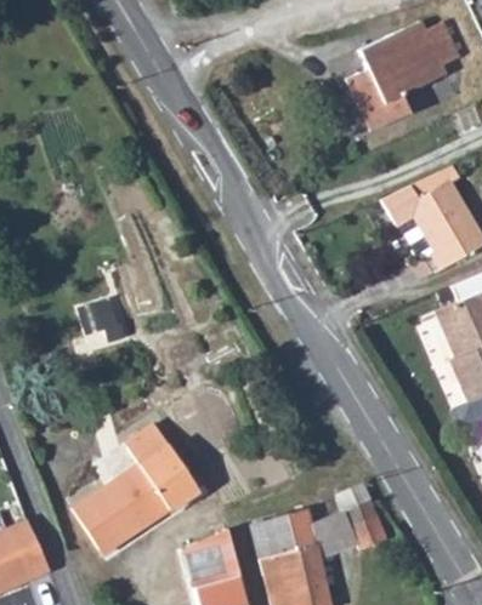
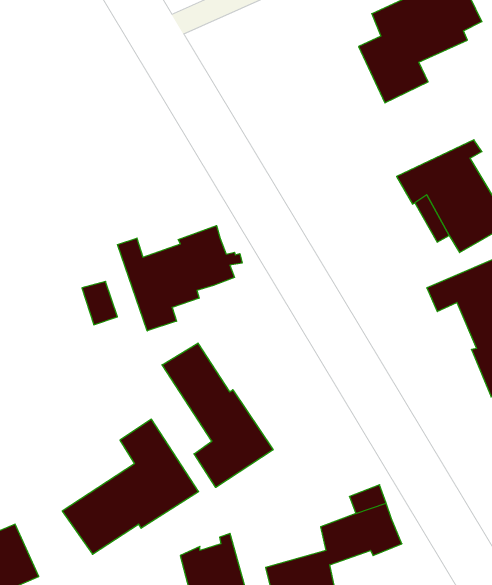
building: none -> [117,226,242,331]
building: none -> [162,343,273,487]
building: [253,510,317,561] -> none

